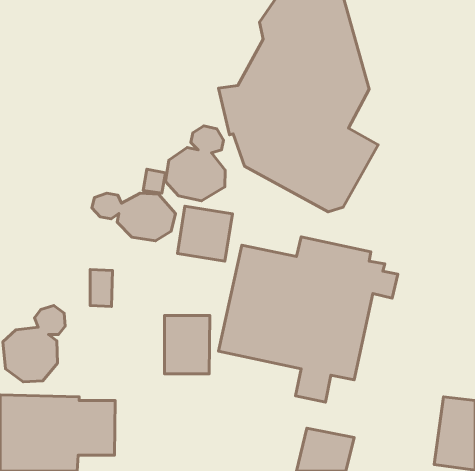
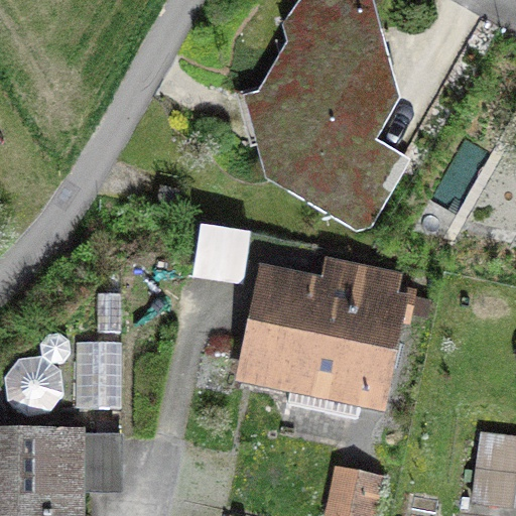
building: [165,126,225,201] -> none
building: [92,193,175,241] -> none
building: [164,315,210,374] -> [74,343,123,406]

